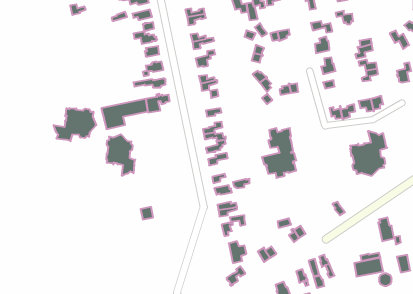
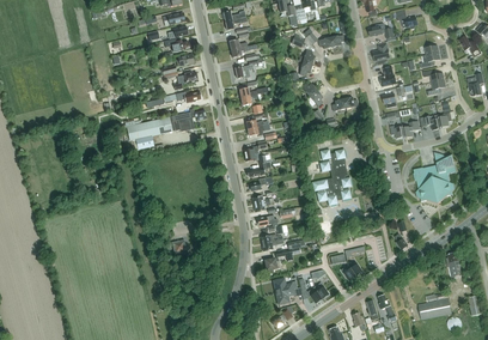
building: [54,108,96,141] -> none
building: [107,134,135,176] -> none

